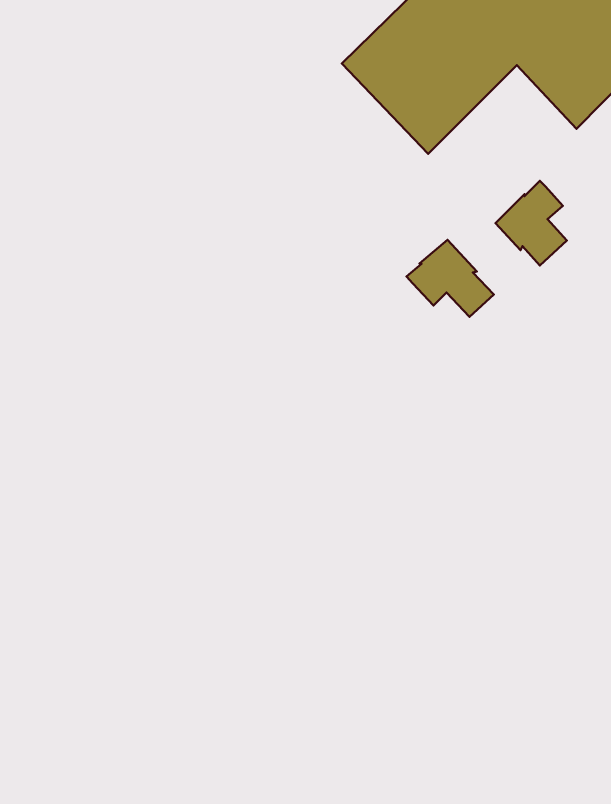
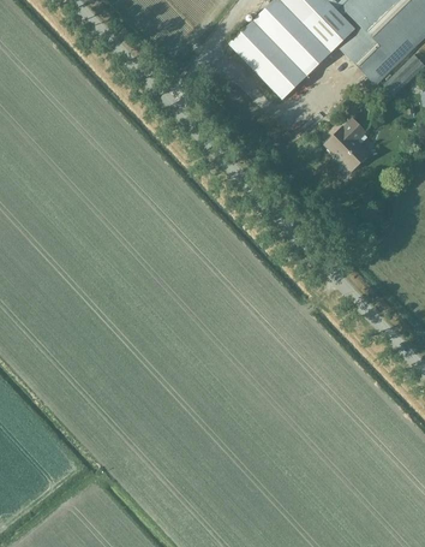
building: [406,240,494,317] -> none

